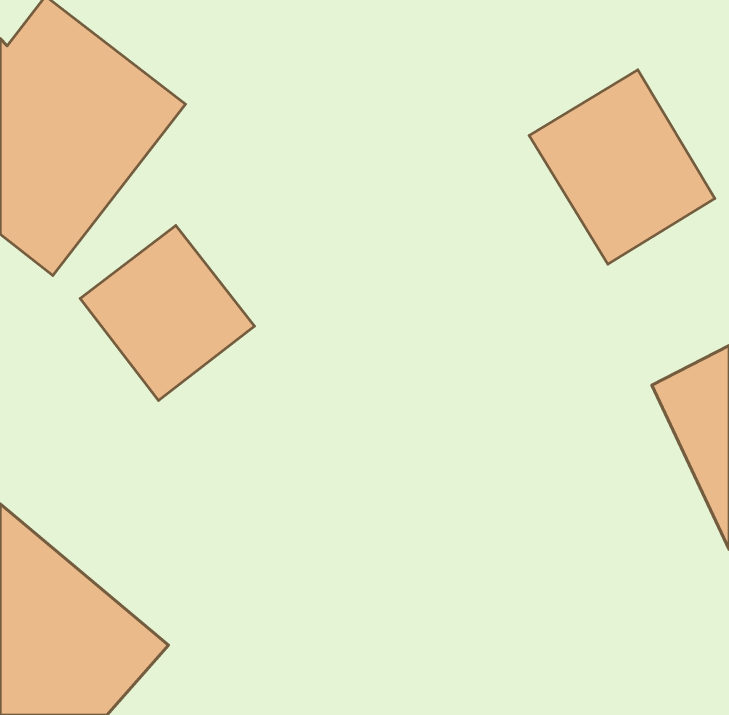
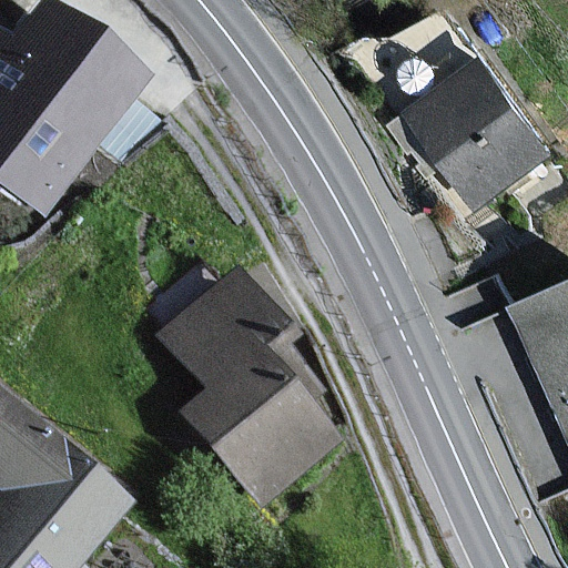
building: [80,225,254,400] -> none
building: none -> [160,271,335,507]

